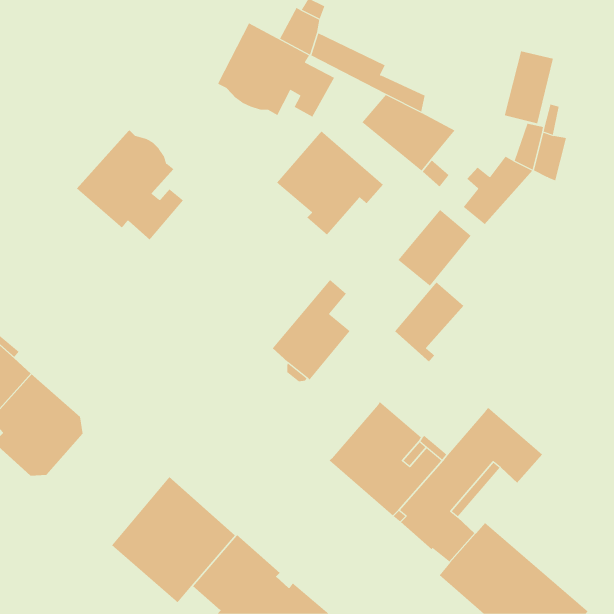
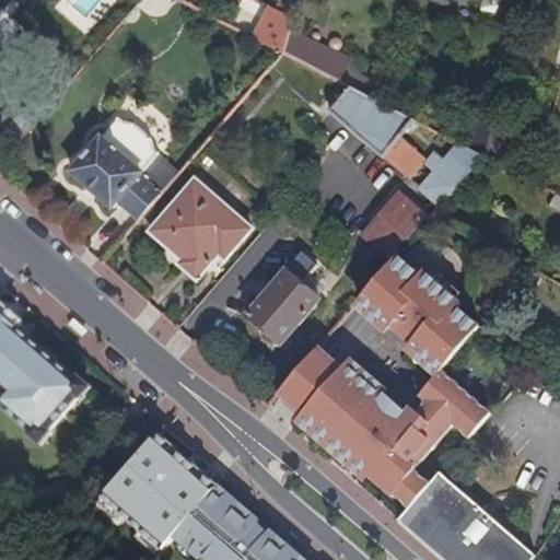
building: [217,22,335,117] -> none
building: [504,51,553,124] -> none
building: [276,130,384,236] -> [149,185,246,280]
building: none -> [386,271,479,372]
building: none -> [276,347,341,415]

